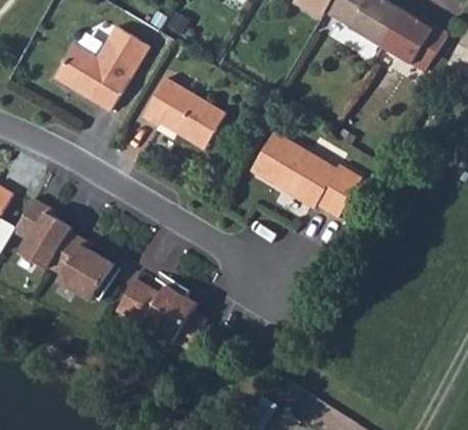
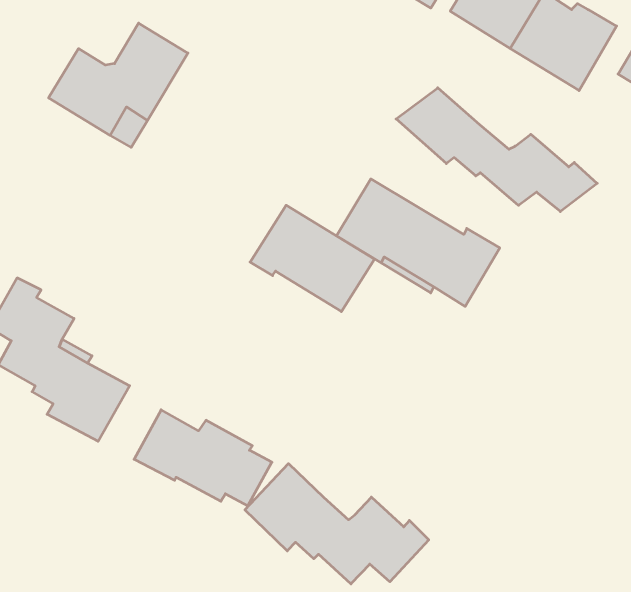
building: none -> [396,88,597,212]
building: [143,75,227,148] -> [250,205,374,312]
building: none -> [245,464,429,584]

